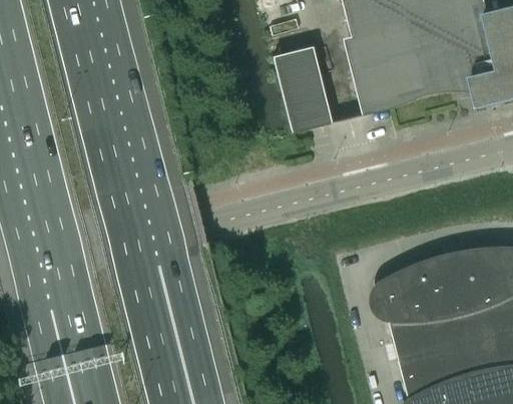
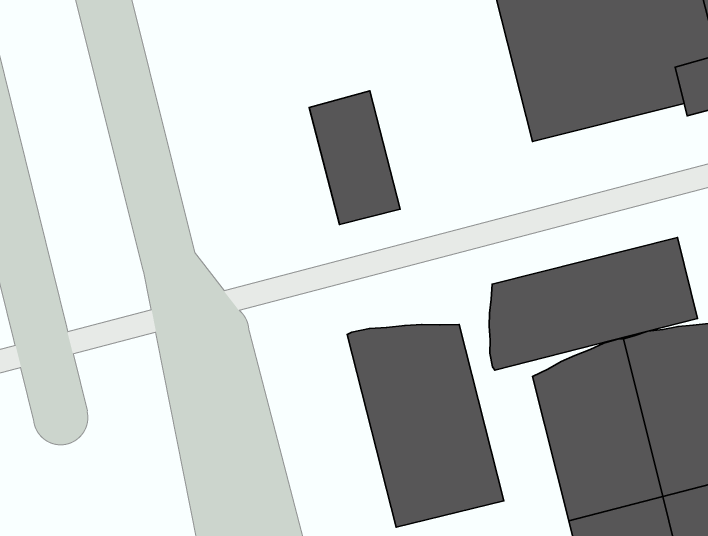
building: [273,46,333,134] -> [309,91,400,224]
building: none -> [489,237,697,370]
building: none -> [347,324,504,527]

